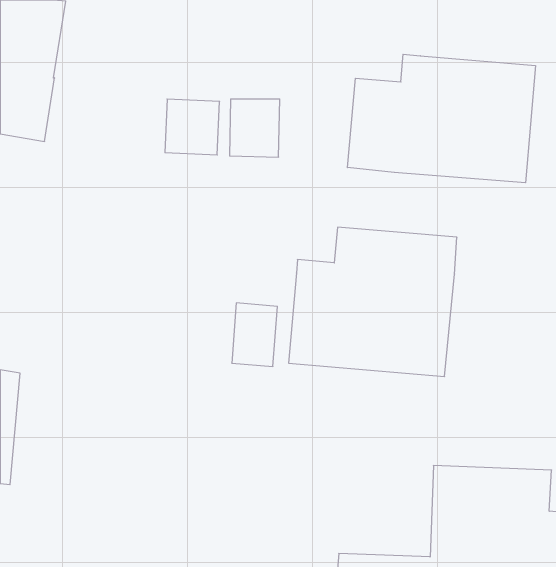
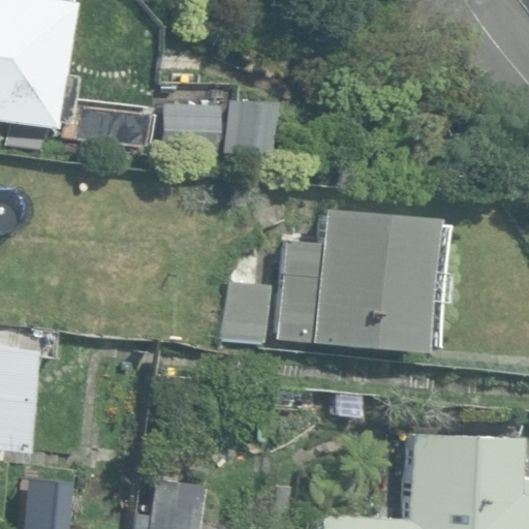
building: [347,54,535,183] -> none

